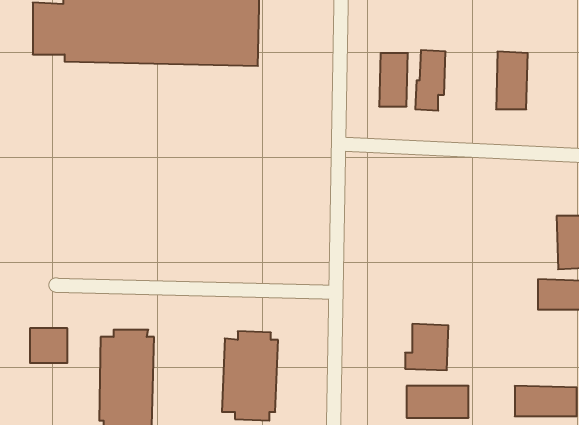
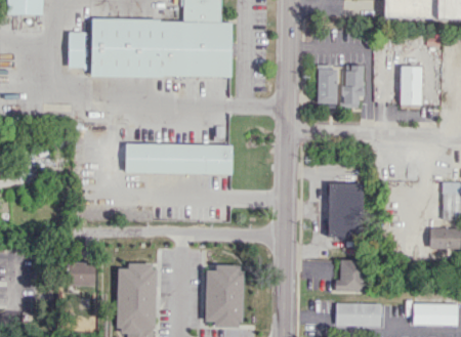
building: none -> [126,141,232,173]
building: none -> [327,182,363,237]

